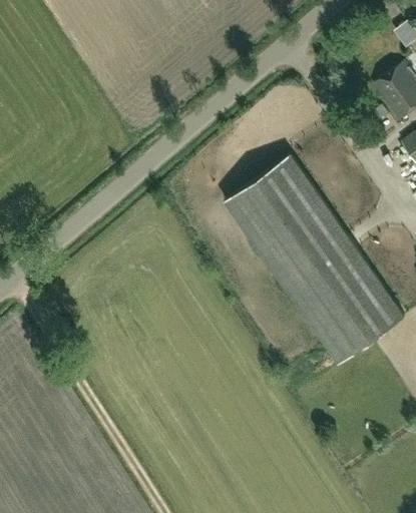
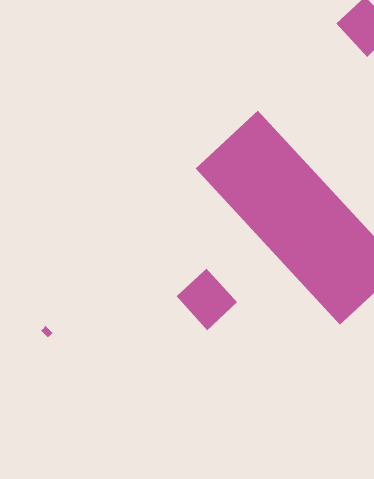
building: none -> [176,268,238,331]

